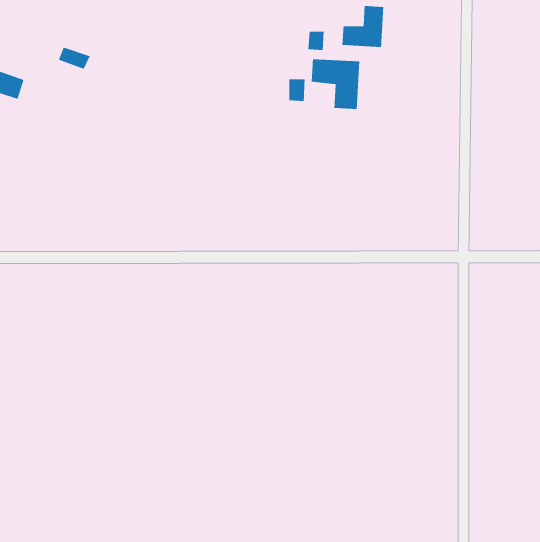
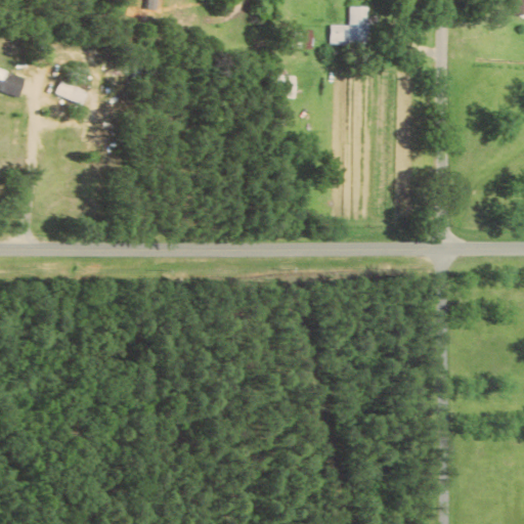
building: [58,46,91,70] -> [52,81,84,103]
building: [311,58,360,110] -> none

